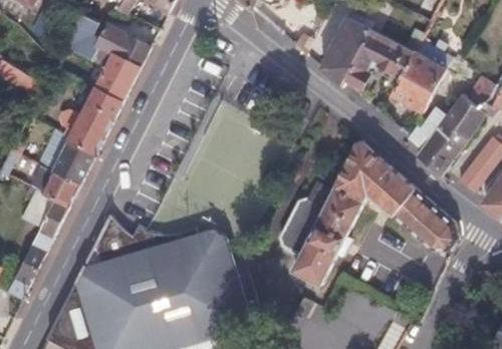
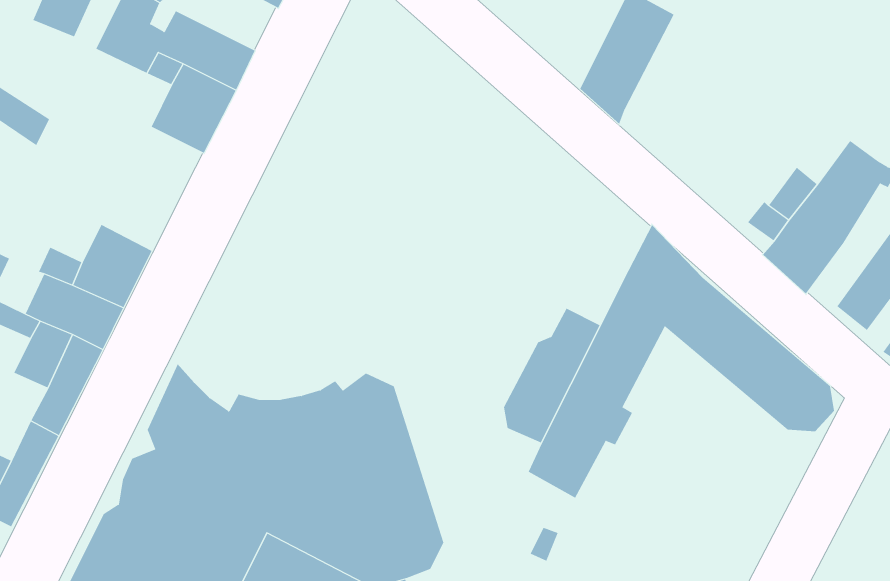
building: [344,30,446,112] -> none
building: [61,89,122,154] -> none

